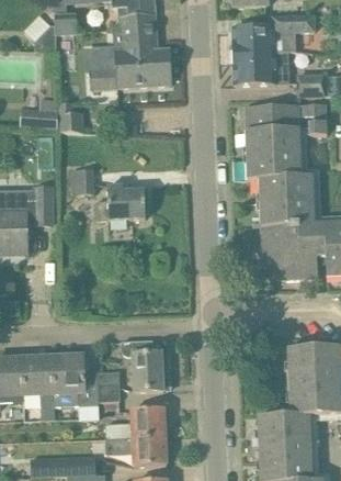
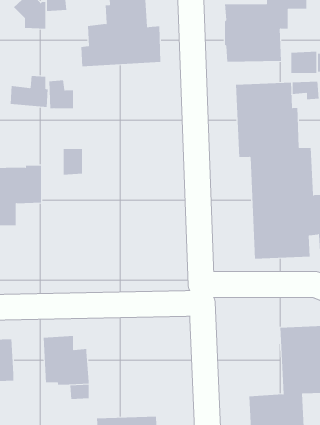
building: [95,184,146,220] -> none
building: [122,340,168,391] -> none
building: [22,358,55,420] -> none
building: [96,371,120,402] -> none
building: [104,407,166,438] -> none

